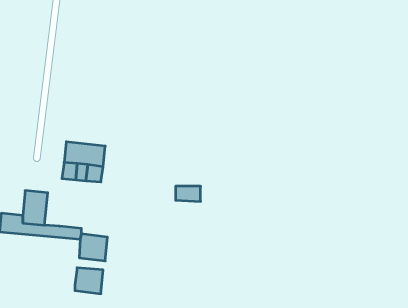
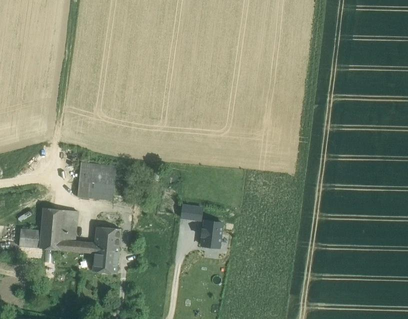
building: none -> [60,210,77,241]
building: none -> [201,221,221,247]
building: [75,268,103,294] -> [94,227,120,251]

